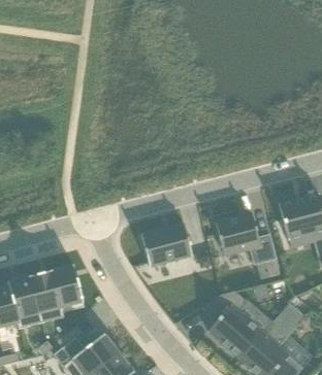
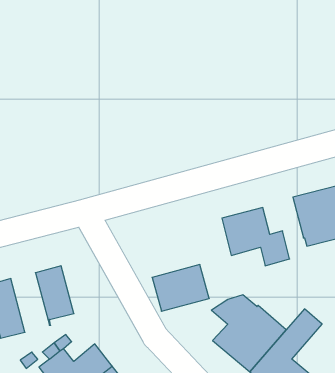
building: [141,224,192,265] -> [152,265,209,311]
building: [29,270,63,322] -> none

